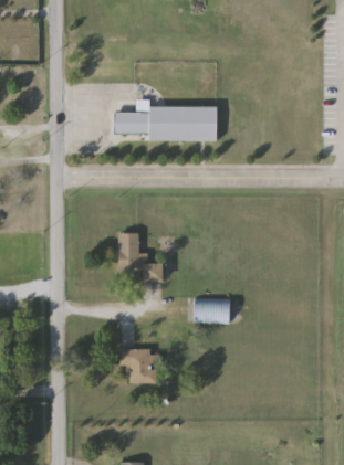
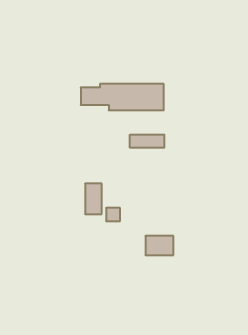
building: none -> [130,135,164,148]
building: [119,350,154,384] -> none

